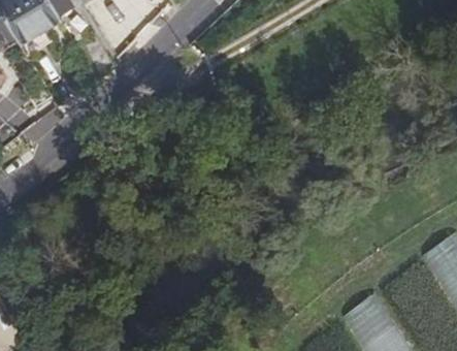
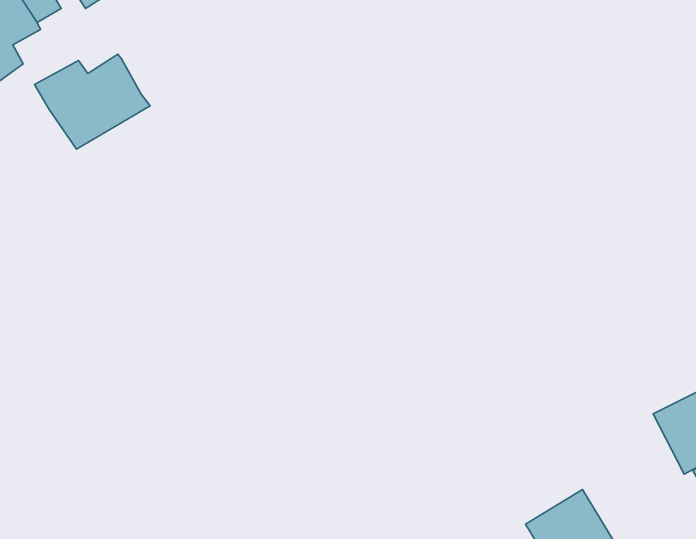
building: none -> [35,54,150,149]

